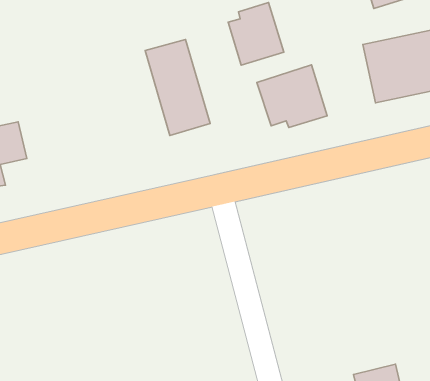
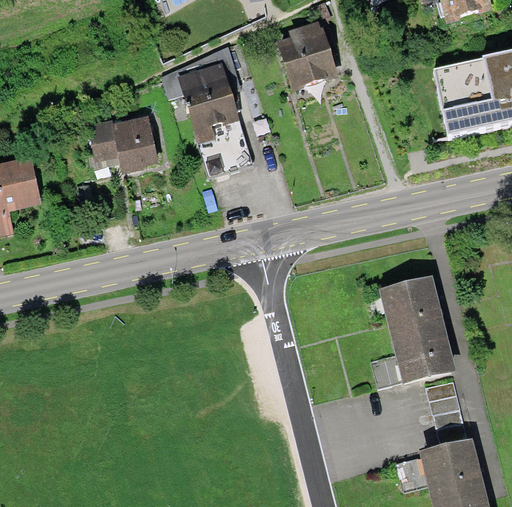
building: [257,65,327,128] -> none
building: none -> [86,116,157,174]
building: none -> [381,277,453,380]

